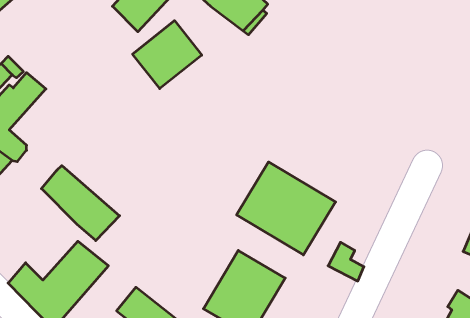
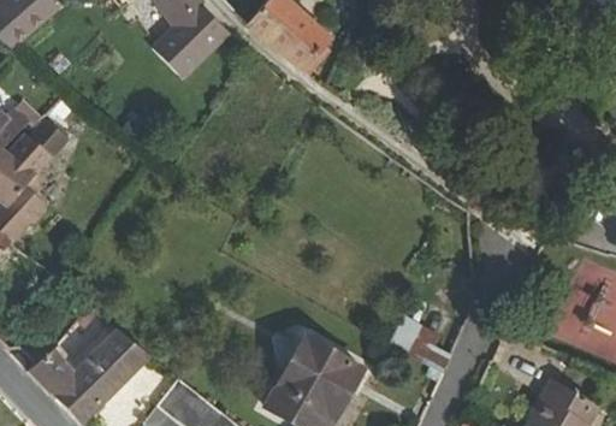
building: [133,21,202,89] -> none
building: [237,162,336,255] -> none
building: [41,166,120,241] -> none

